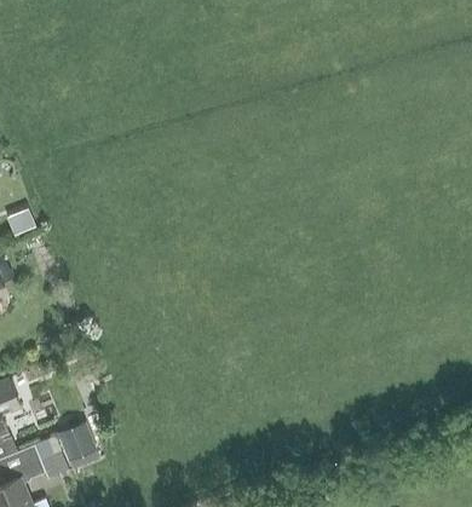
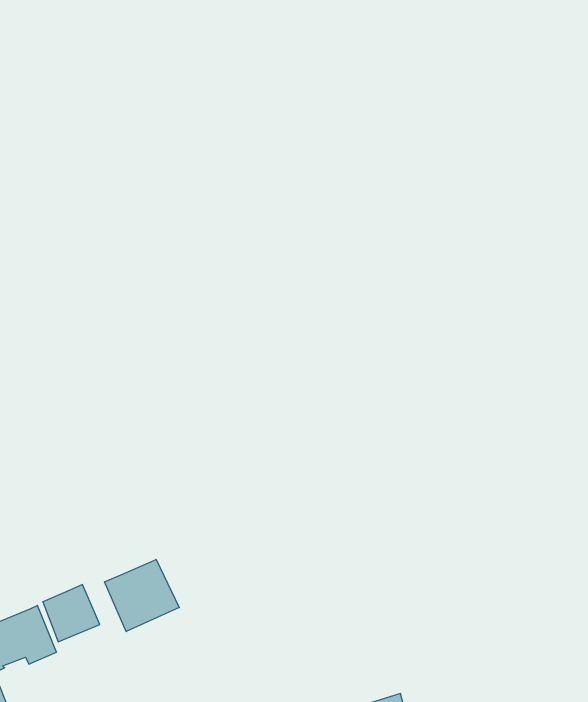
building: none -> [105,559,179,632]

